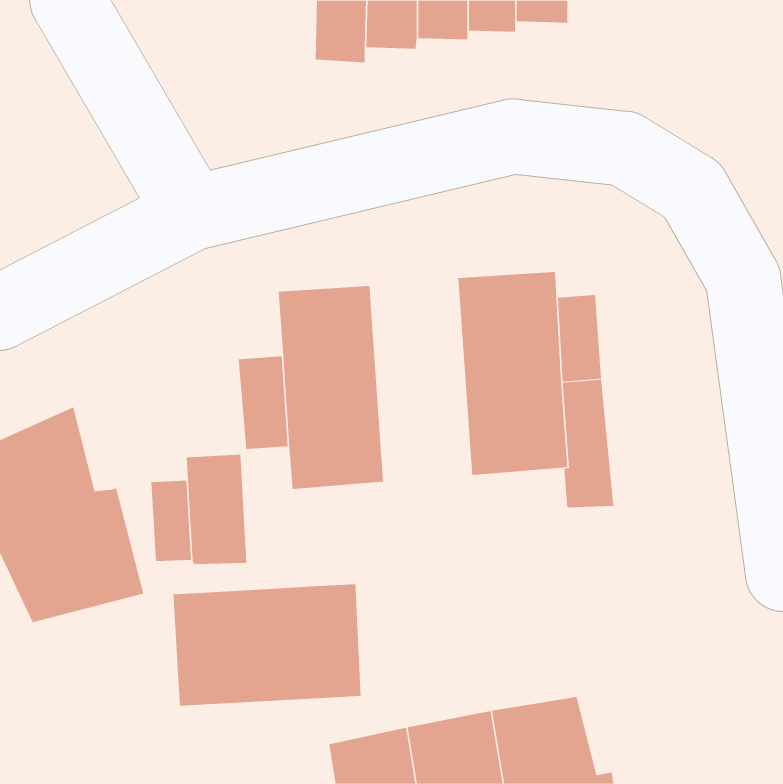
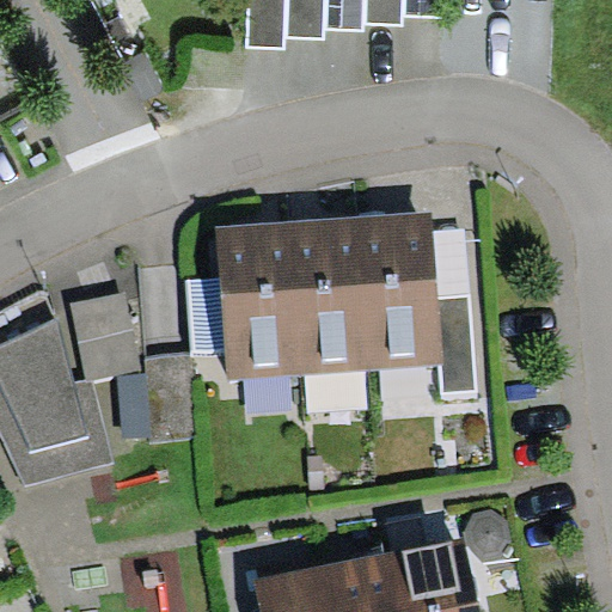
building: none -> [288,216,367,375]
building: none -> [71,293,141,381]
building: [173,583,361,707] -> none

